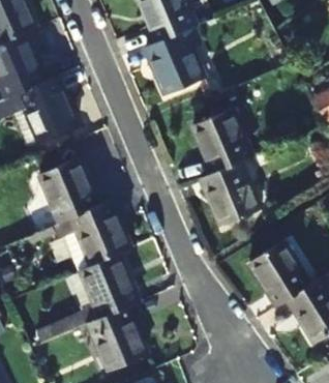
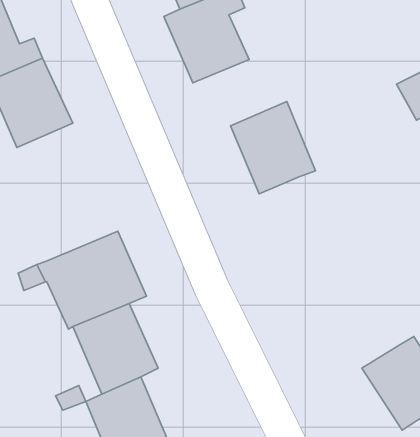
building: [38,160,97,225] -> none
building: [199,164,260,228] -> none
building: [247,241,311,307] -> none

